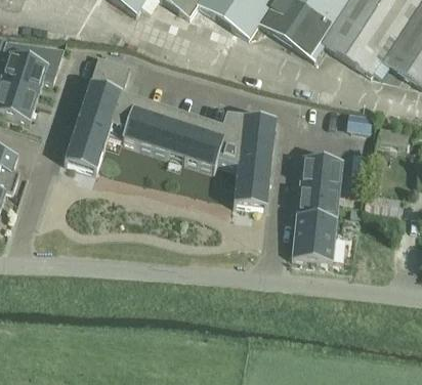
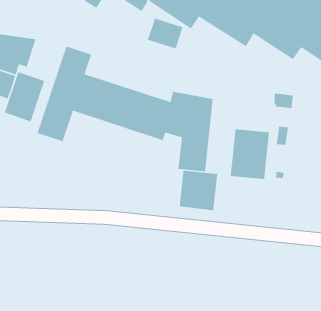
building: none -> [147,17,184,49]
building: none -> [4,71,45,122]
building: [290,213,337,262] -> [179,170,218,211]

